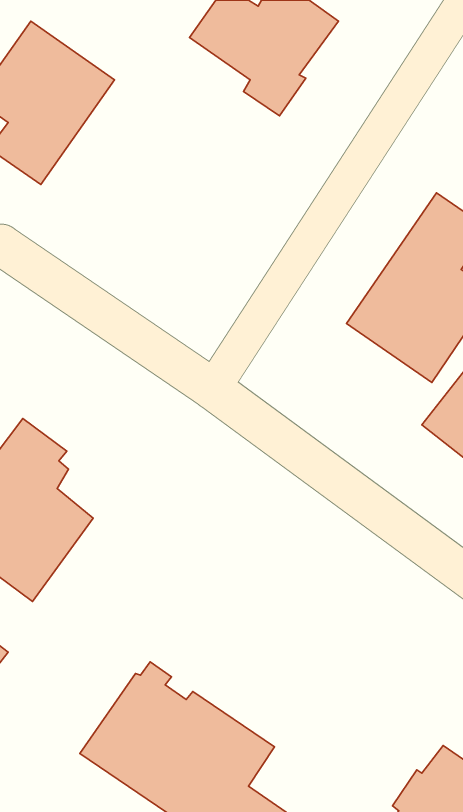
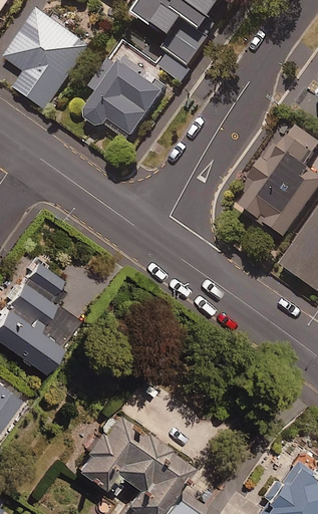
building: none -> [83,62,169,147]

